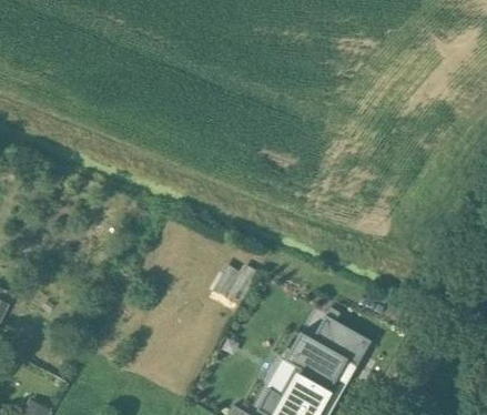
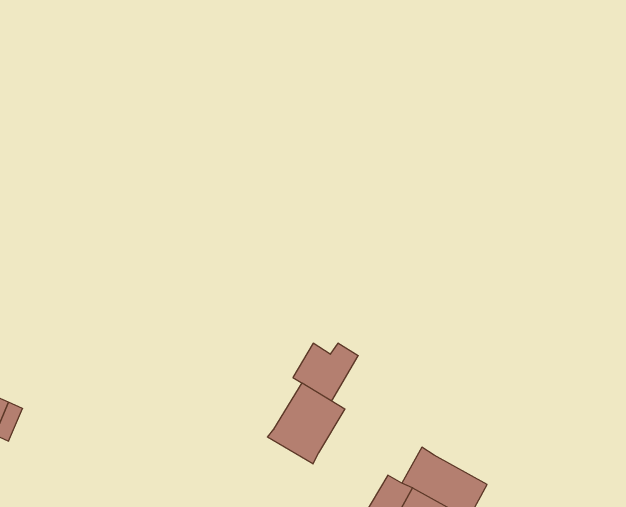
building: none -> [267,383,345,464]
building: [312,316,372,366] -> none

